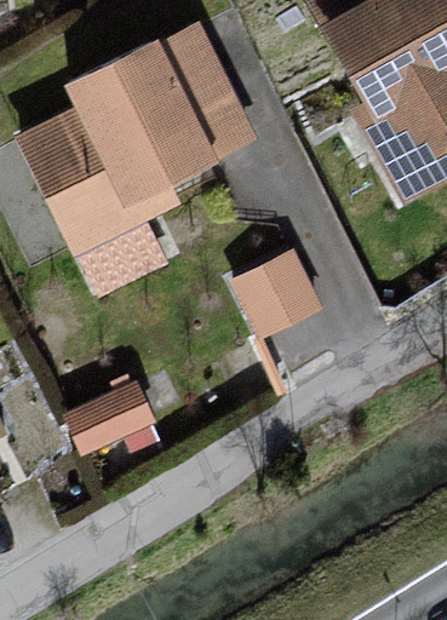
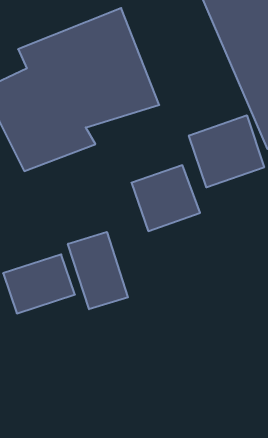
building: none -> [189,115,264,187]
building: none -> [68,232,128,309]

